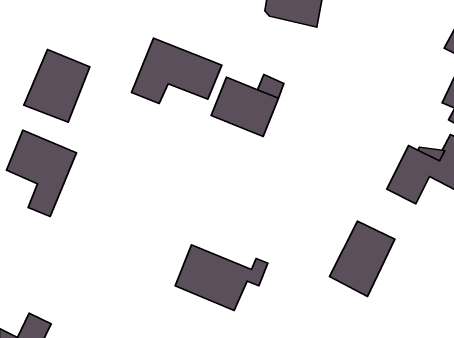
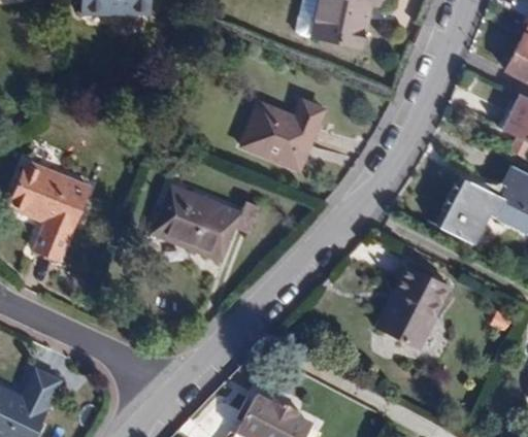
building: [132,38,222,104] -> none
building: [24,49,90,122] -> none
building: [175,245,268,310] -> [154,186,259,260]

